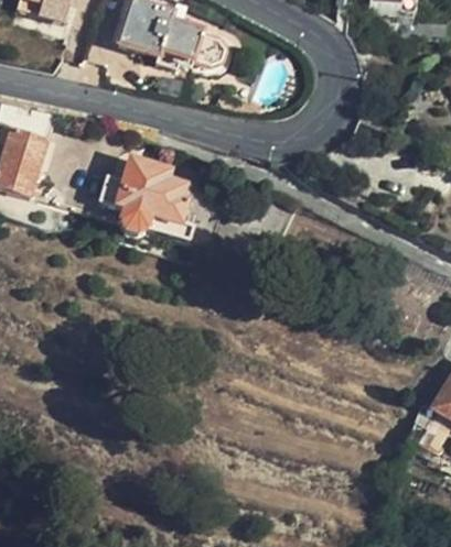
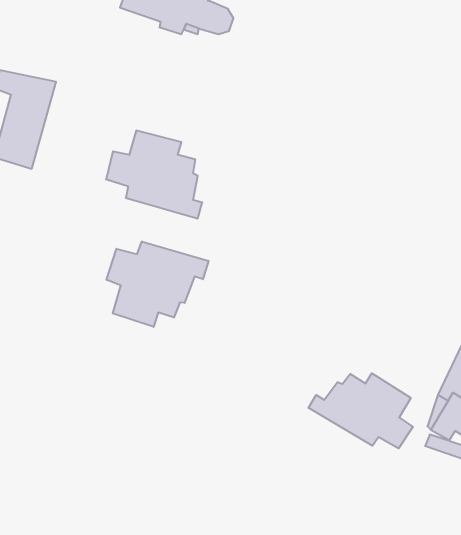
building: none -> [107,241,208,327]
building: none -> [308,373,413,448]

